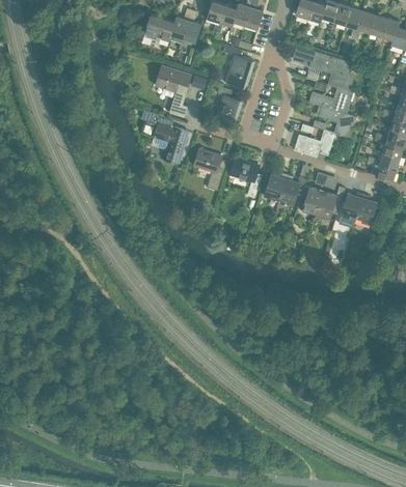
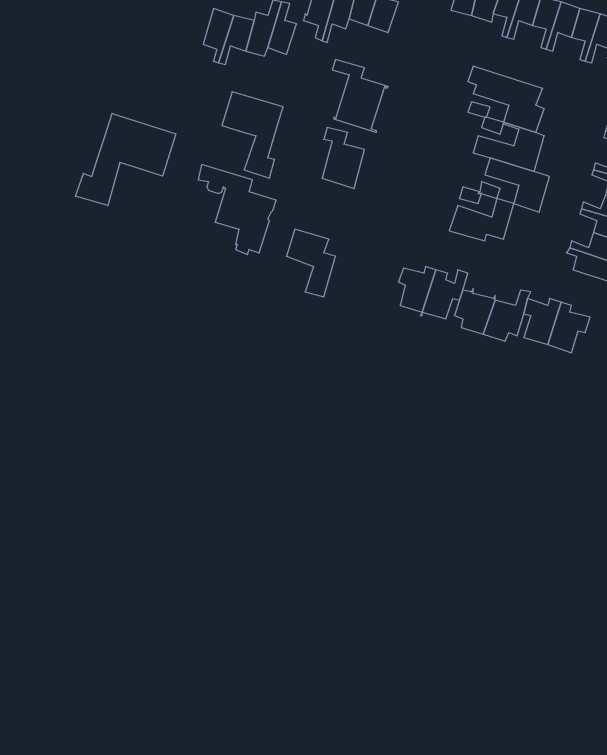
building: none -> [75,113,176,206]
building: [232,156,262,191] -> none

